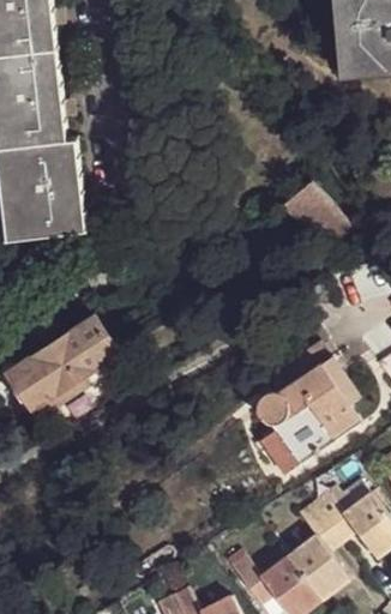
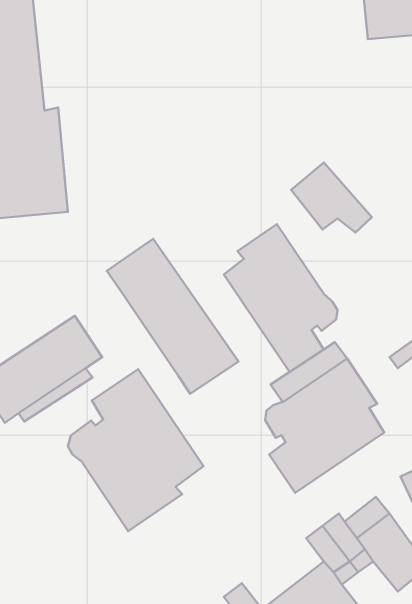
building: none -> [224,224,337,372]
building: none -> [107,239,238,394]
building: none -> [68,369,203,531]

